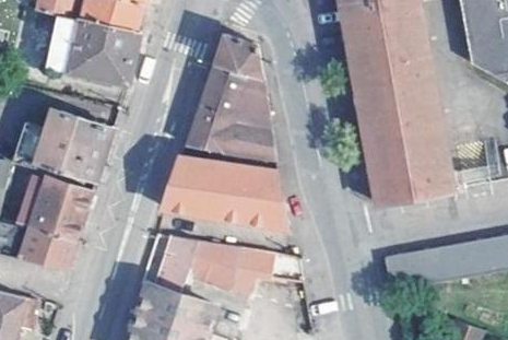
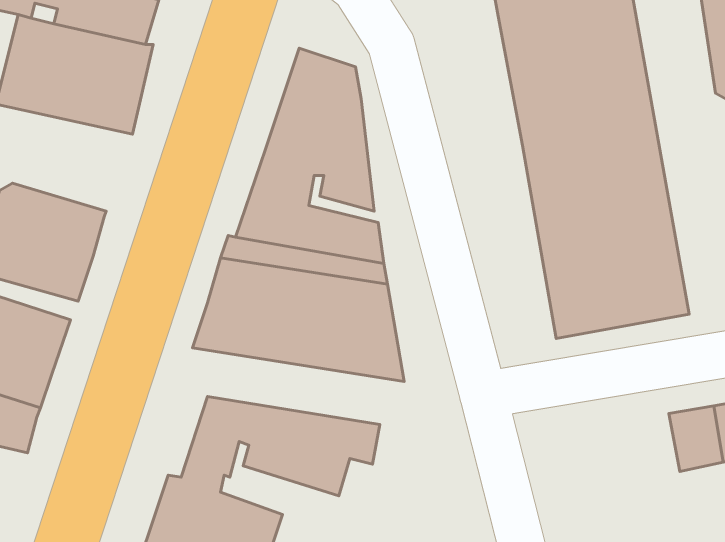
building: [385,247,447,291] -> none

